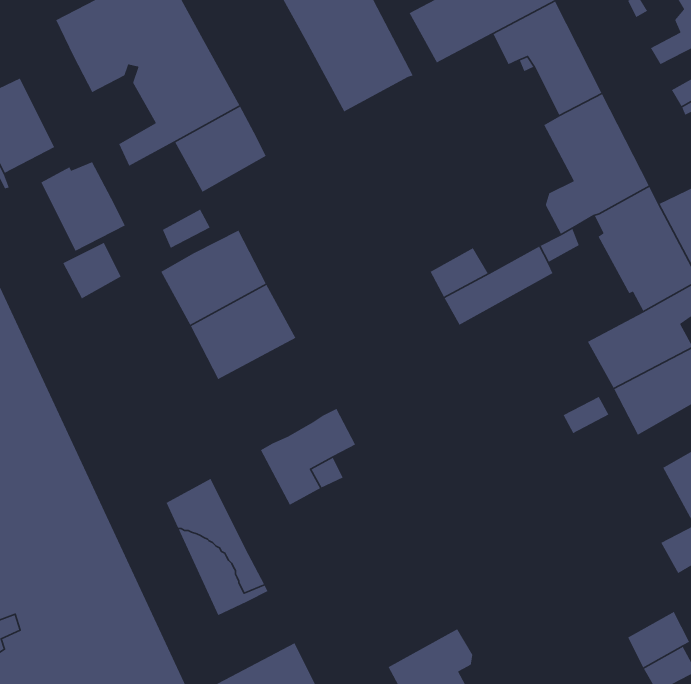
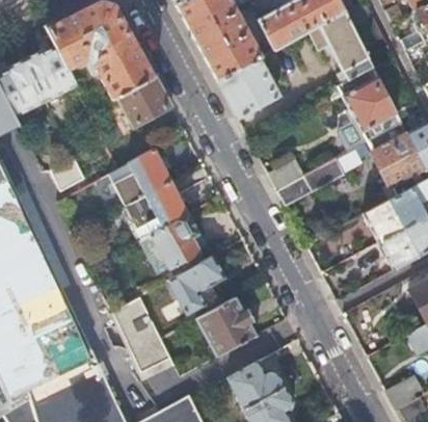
building: none -> [218,58,276,117]
building: [40,161,126,252] -> [26,46,77,100]
building: none -> [142,213,206,275]
building: none -> [197,296,257,355]
building: none -> [228,360,286,408]

